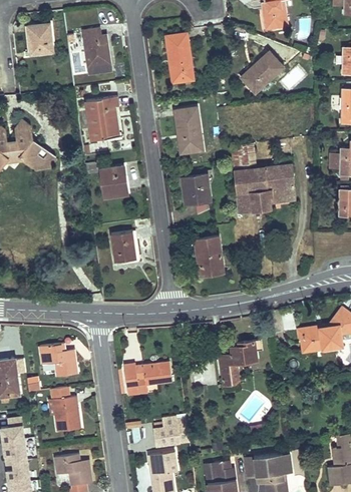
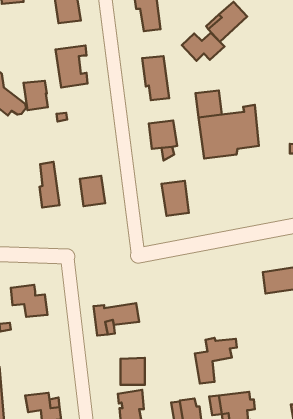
building: none -> [182,33,225,61]
building: [100,167,125,197] -> [24,81,48,110]
building: none -> [39,162,60,207]
building: [219,341,262,388] -> [195,338,237,384]
building: [51,387,80,432] -> none

